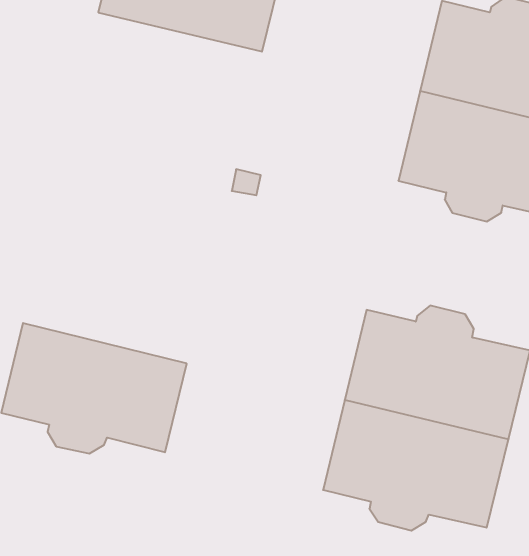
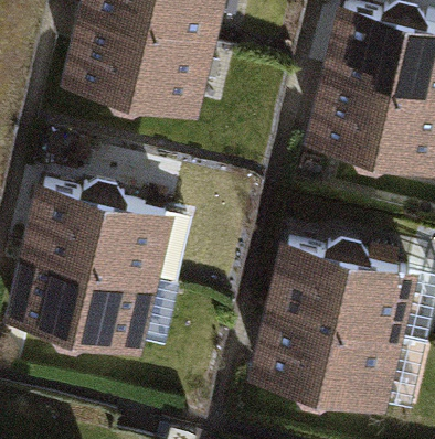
building: none -> [66,18,208,117]
building: none -> [25,183,167,285]

